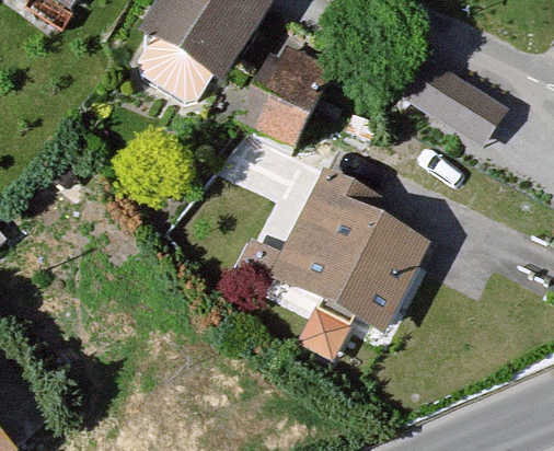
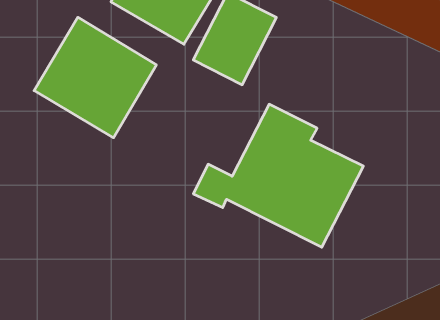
building: [399,55,506,147] -> none
building: none -> [34,17,156,138]

